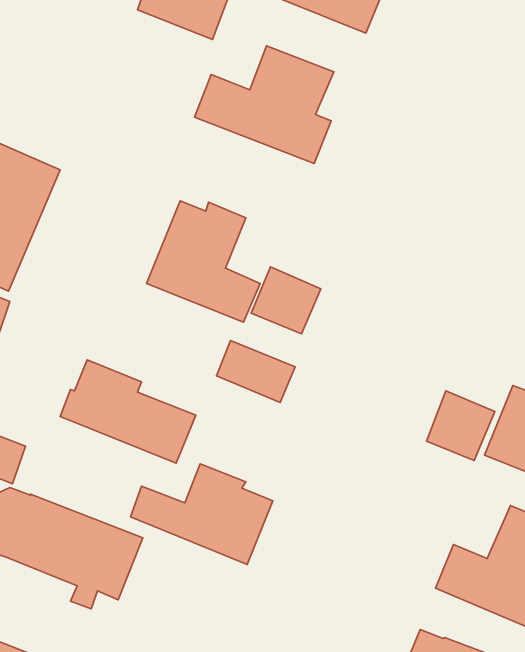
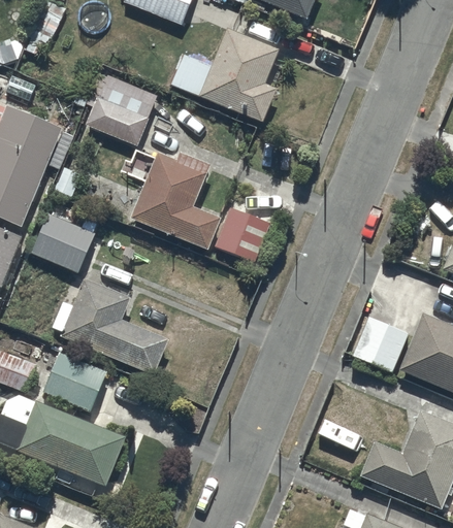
building: none -> [84,98,145,154]
building: none -> [30,205,94,280]
building: [216,341,295,403] -> none
building: none -> [43,350,106,407]
building: [131,464,273,565] -> none

